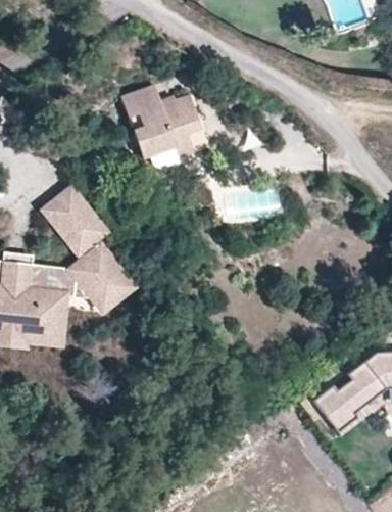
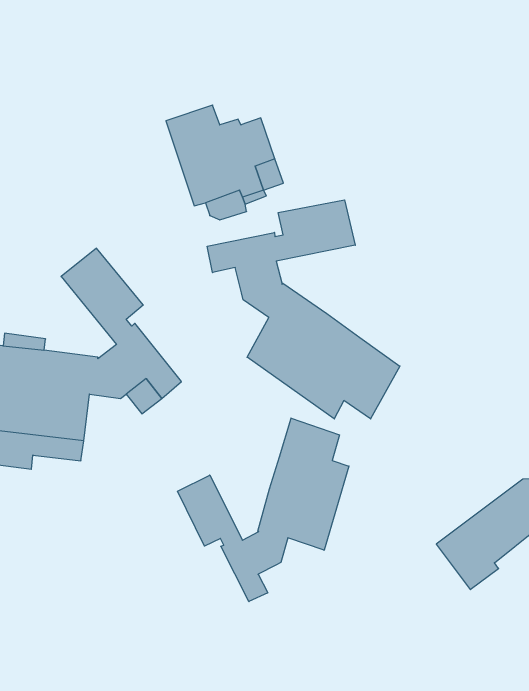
building: none -> [207,200,400,419]
building: none -> [177,418,349,602]

